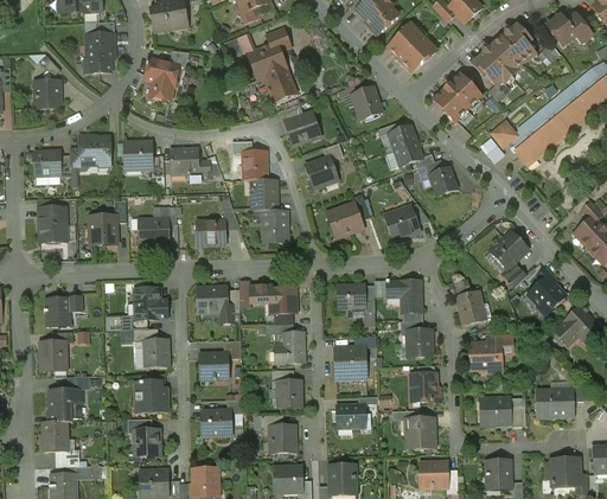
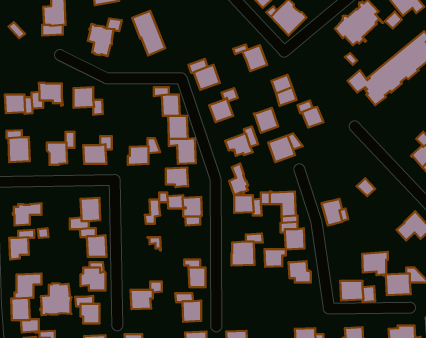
building: [251,41,295,101] -> [132,11,165,55]
building: [433,73,481,122] -> none
building: [33,79,59,108] -> none
building: [170,148,209,178] -> none
building: none -> [254,108,278,133]
building: [490,231,526,268] -> none
building: none -> [229,164,248,195]
building: [526,267,564,315] -> none
building: [197,286,226,312] -> [166,167,188,187]
building: [274,332,304,363] -> none
building: [468,341,503,372] -> [362,252,388,275]
building: [199,352,228,379] -> none
building: none -> [40,283,72,315]
building: [336,404,364,428] -> [264,249,286,267]
building: [404,417,434,449] -> none

